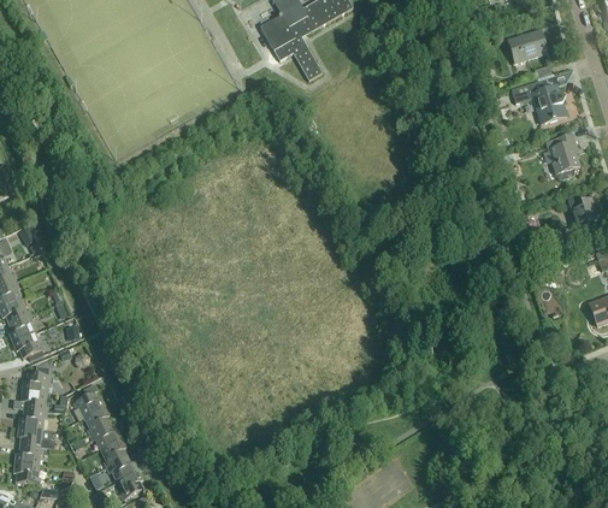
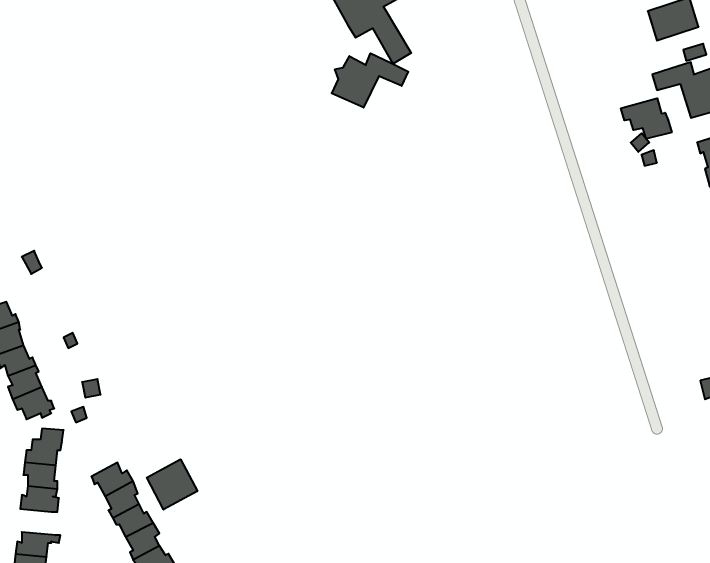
building: none -> [332,53,408,108]
building: none -> [621,98,672,139]
building: none -> [147,459,197,510]
building: [17,427,55,448] -> none

